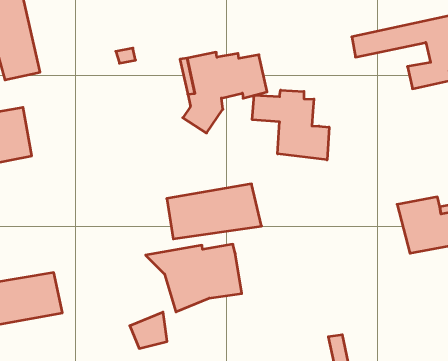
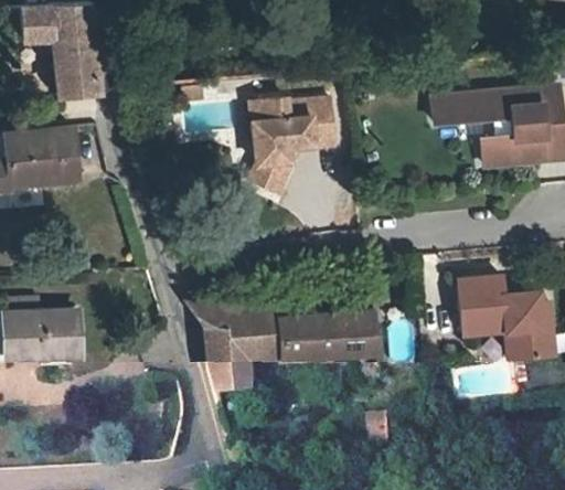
building: [252,90,329,160] -> none
building: [167,184,262,239] -> [280,310,377,358]
building: [130,312,167,348] -> [209,358,246,393]

